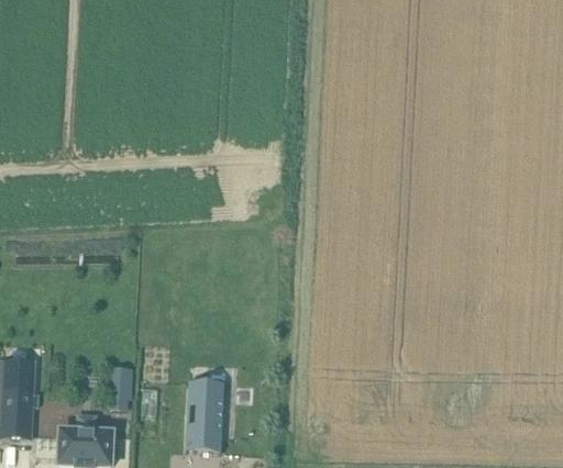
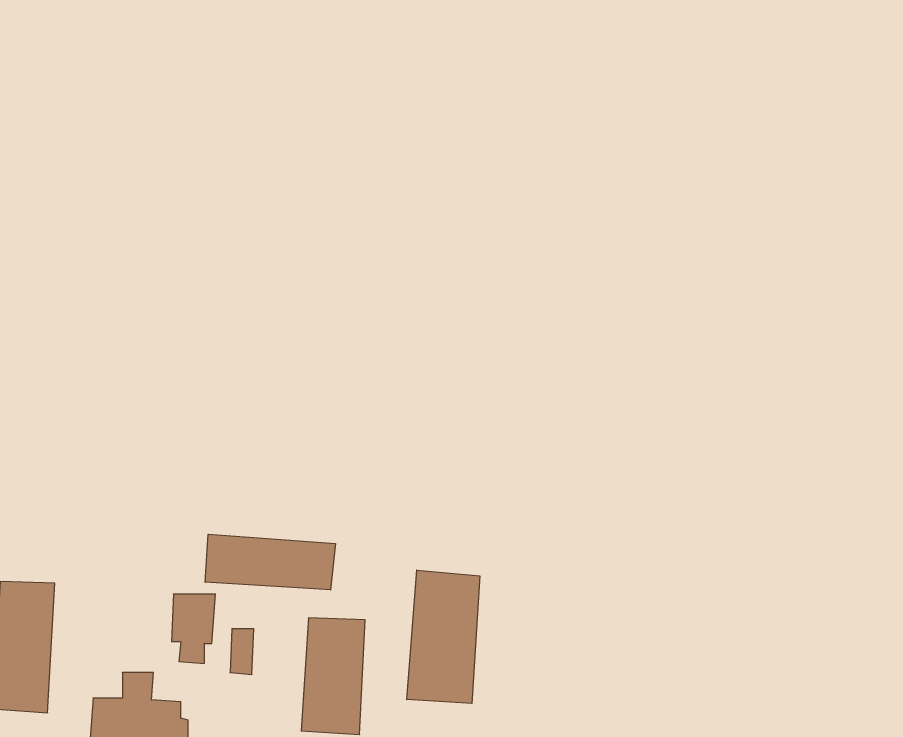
building: none -> [205,534,335,590]
building: none -> [407,570,480,704]

